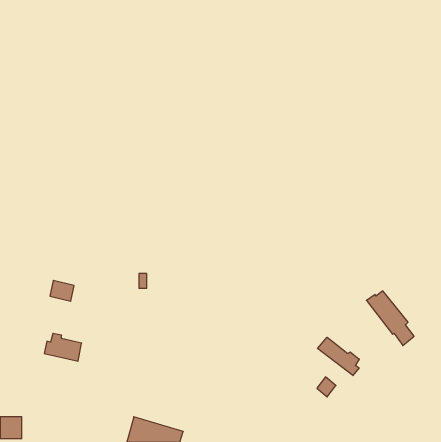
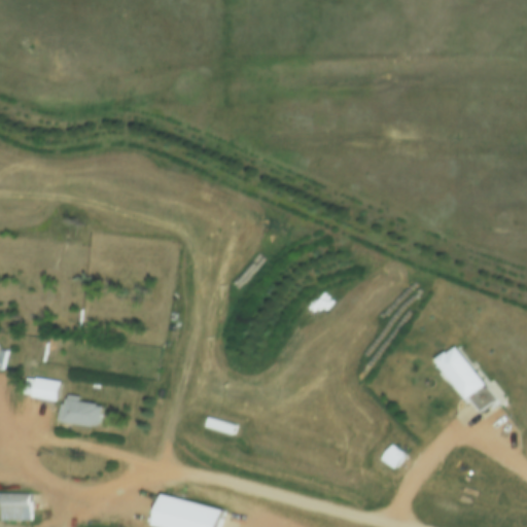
building: [50,280,74,301] -> [30,377,59,401]
building: [318,337,359,376] -> none

